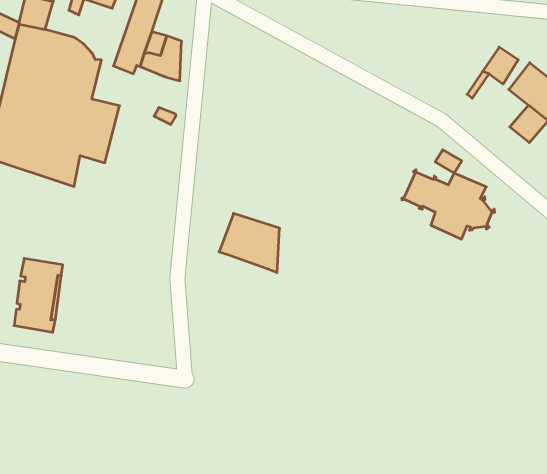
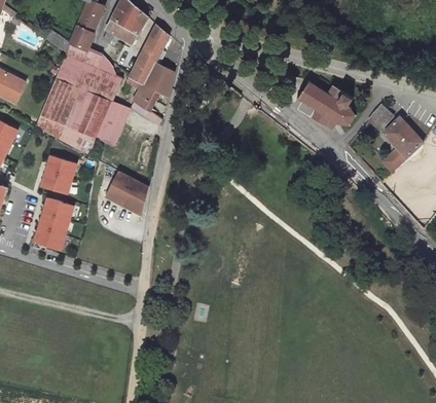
building: none -> [133,82,159,110]
building: [402,170,495,239] -> [296,79,356,130]
building: none -> [42,155,76,192]
building: [219,213,280,273] -> [106,171,148,214]

